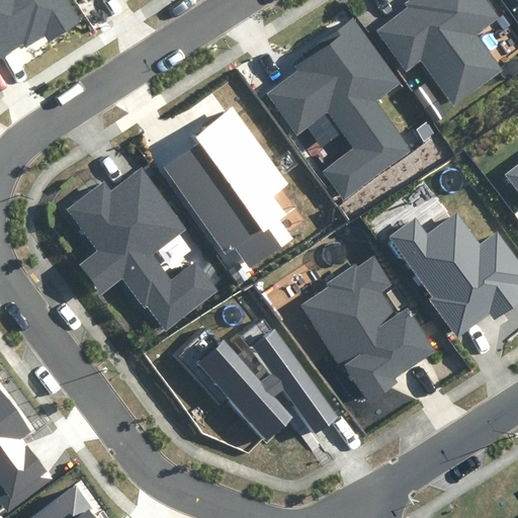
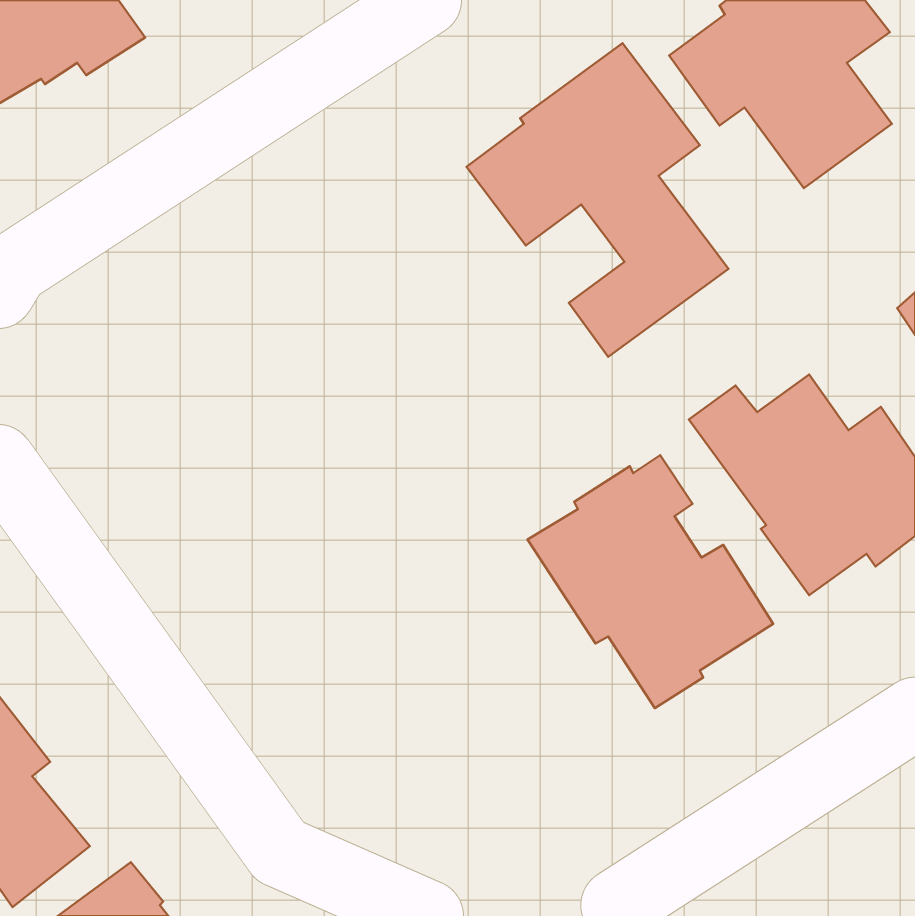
building: [161,105,290,268] -> none
building: [66,169,221,333] -> none
building: [196,329,336,442] -> none

